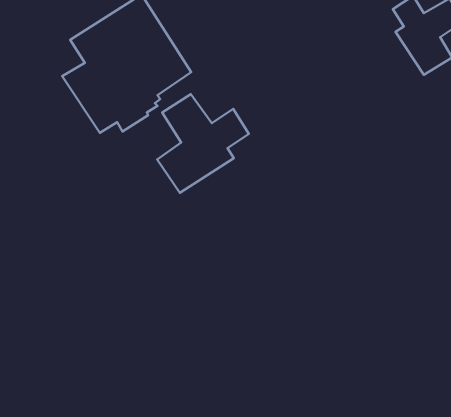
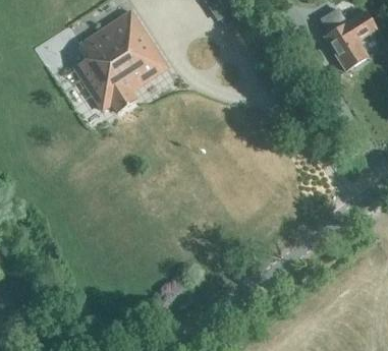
building: [157,94,249,193] -> none

